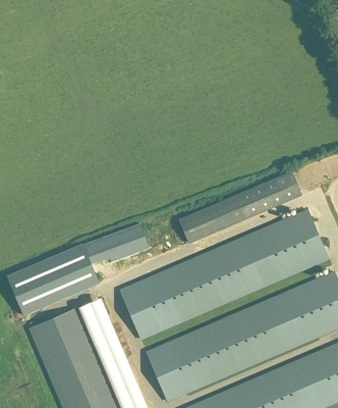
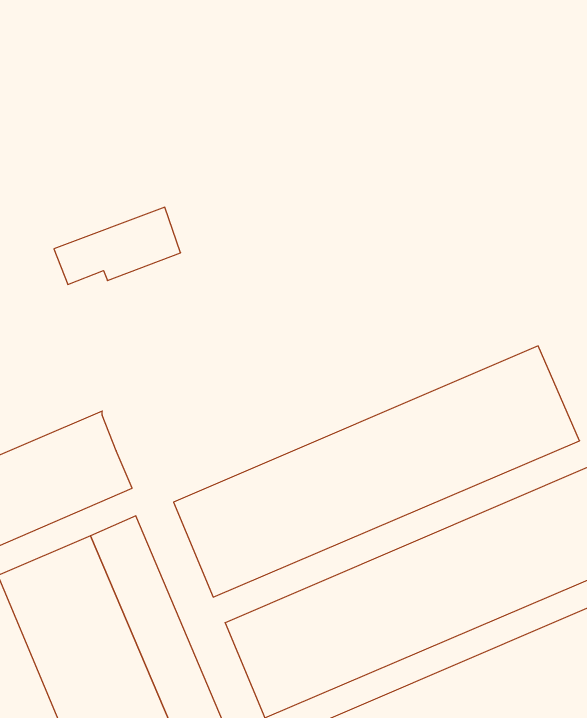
building: [178,170,300,243] -> none
building: [82,223,148,263] -> [54,207,181,284]

